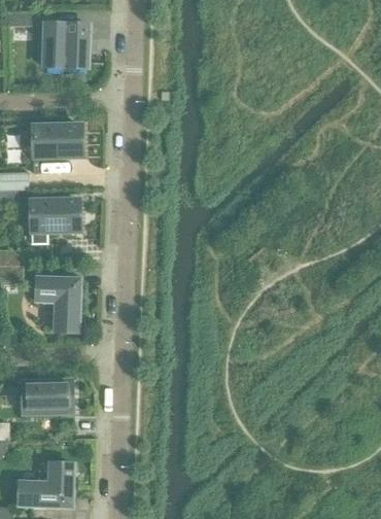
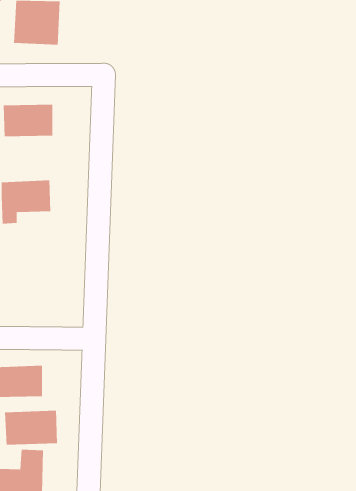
building: [35,277,79,331] -> none
building: none -> [4,410,57,445]

